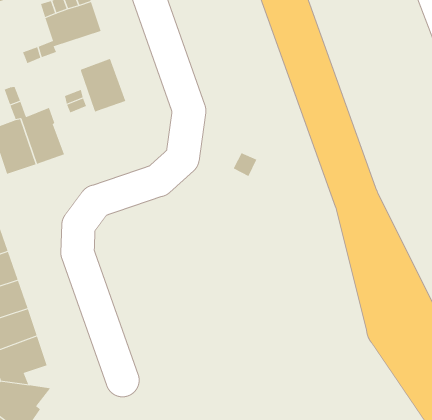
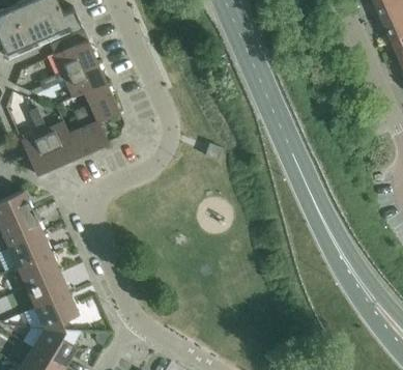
building: none -> [62,62,105,98]
building: none -> [66,121,107,156]

